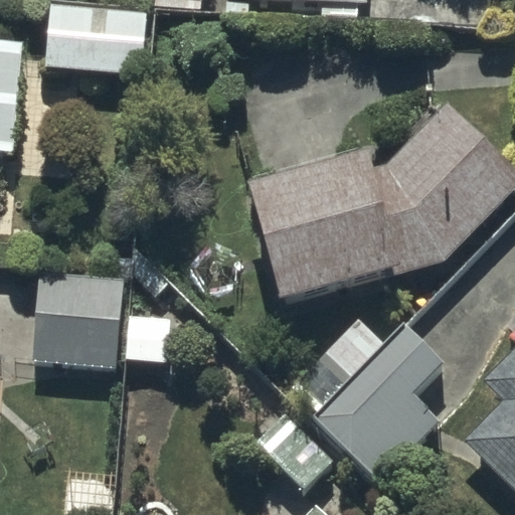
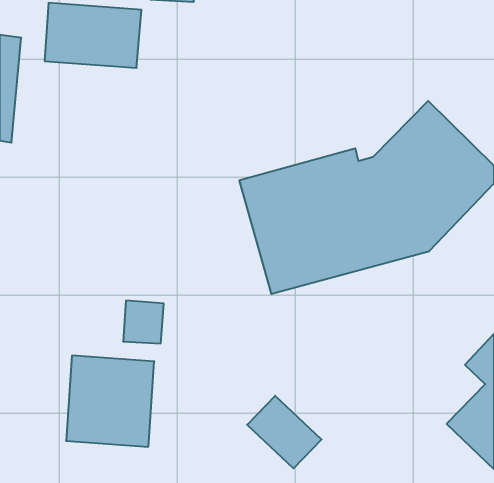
building: [33,269,125,363] -> [66,356,154,447]
building: [317,326,443,479] -> none

